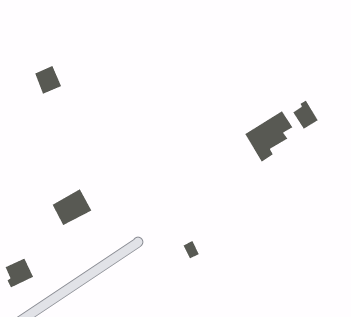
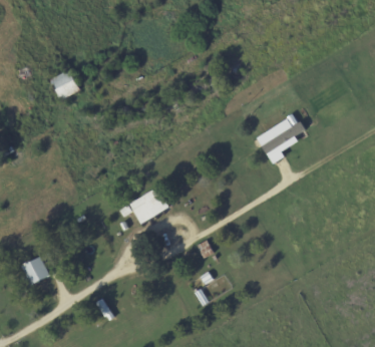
building: [292,100,319,130] -> none
building: [51,188,93,226] -> [128,187,168,224]

